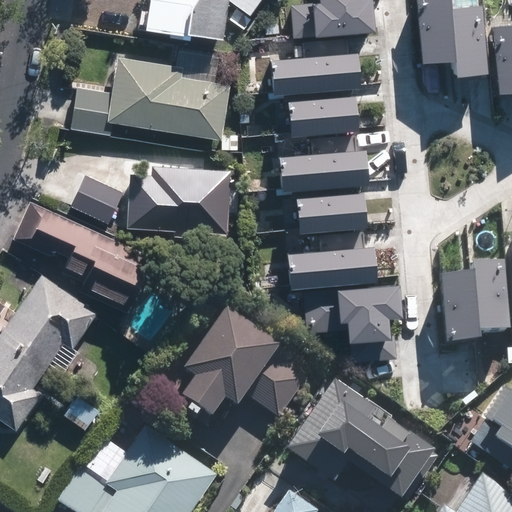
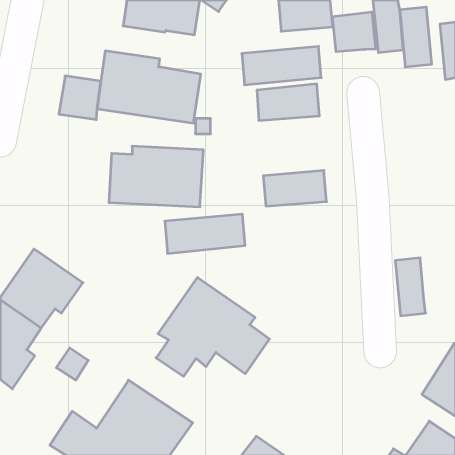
building: none -> [332,12,375,52]
building: [279,149,369,191] -> none
building: [68,174,122,224] -> none
building: [14,201,154,314] -> none
building: [288,245,378,289] -> [165,214,245,253]
building: [471,269,506,336] -> none
building: [337,283,403,362] -> none
building: [284,378,440,504] -> none

